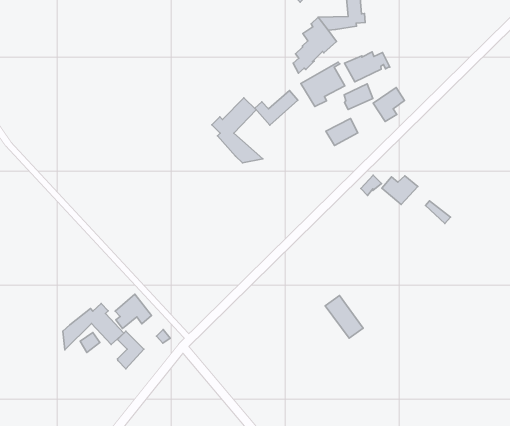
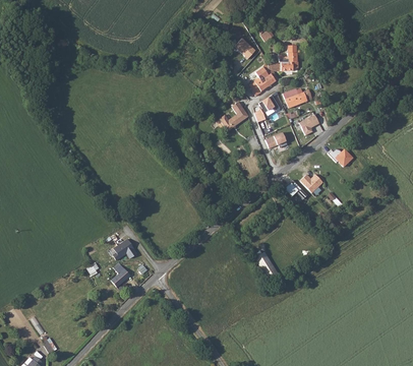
building: [212,98,263,163] -> none
building: [63,303,124,350] -> none

